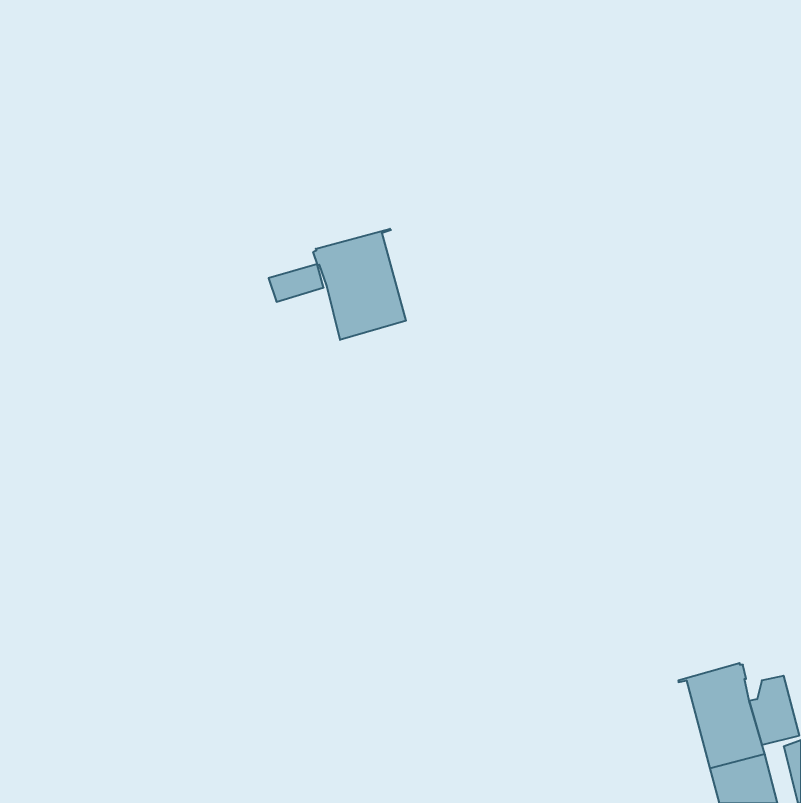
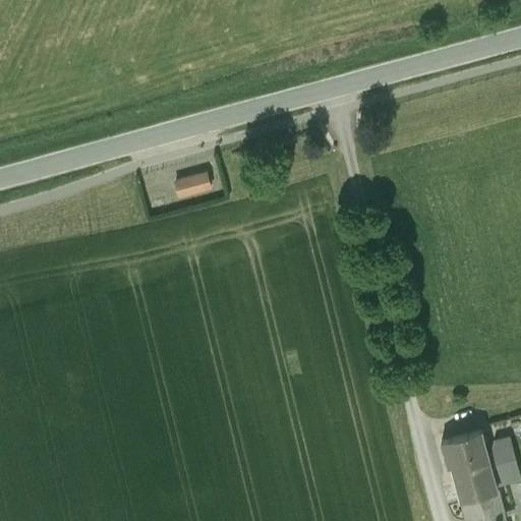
building: [313,229,406,340] -> none

